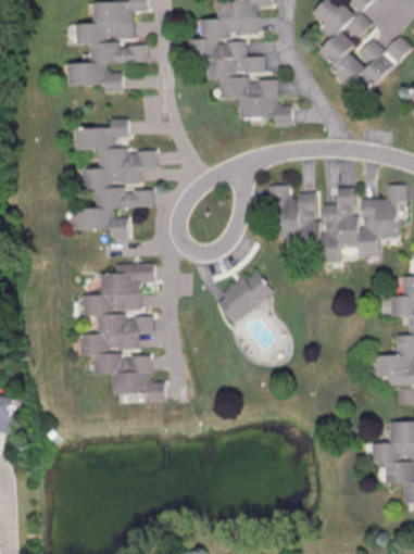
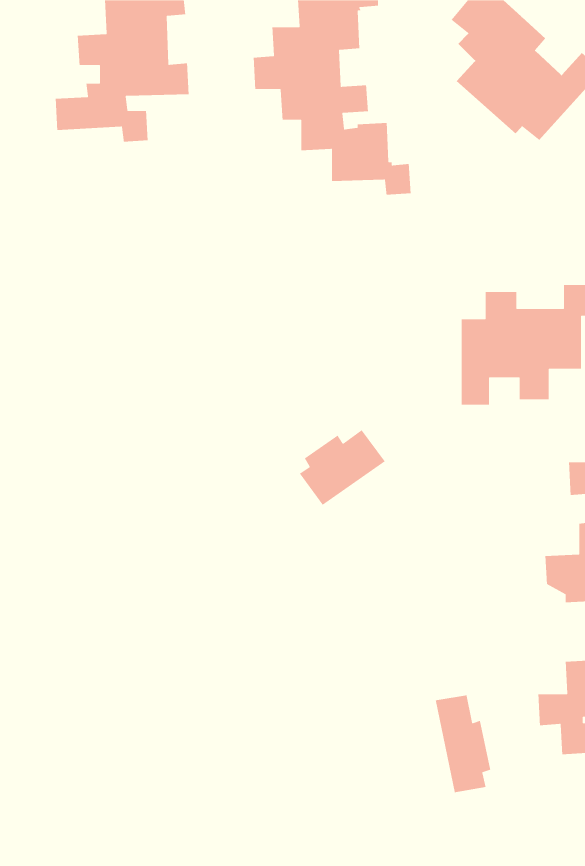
building: [73,117,156,237] -> none
building: [267,185,316,238] -> none
building: [77,263,164,402] -> none
building: none -> [435,694,491,793]

